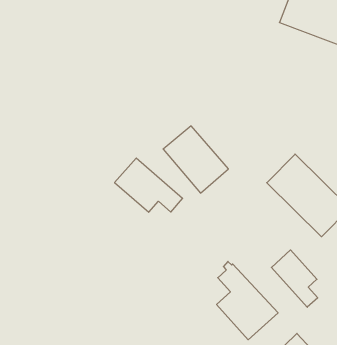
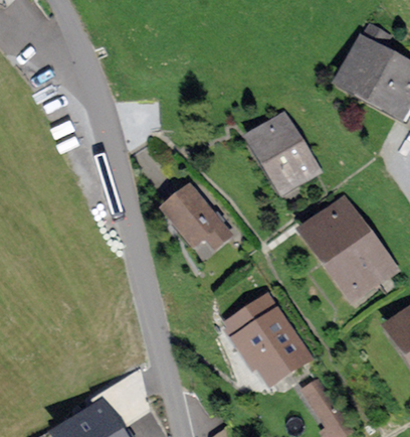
building: [163,126,228,193] -> [251,122,311,187]
building: [271,250,318,307] -> none

